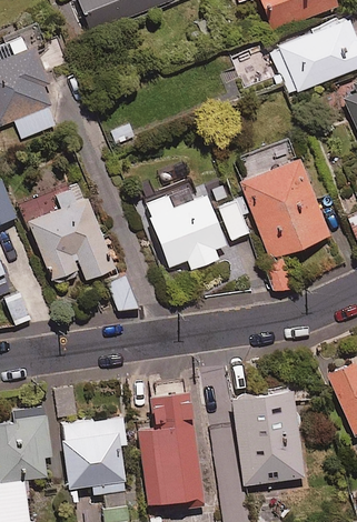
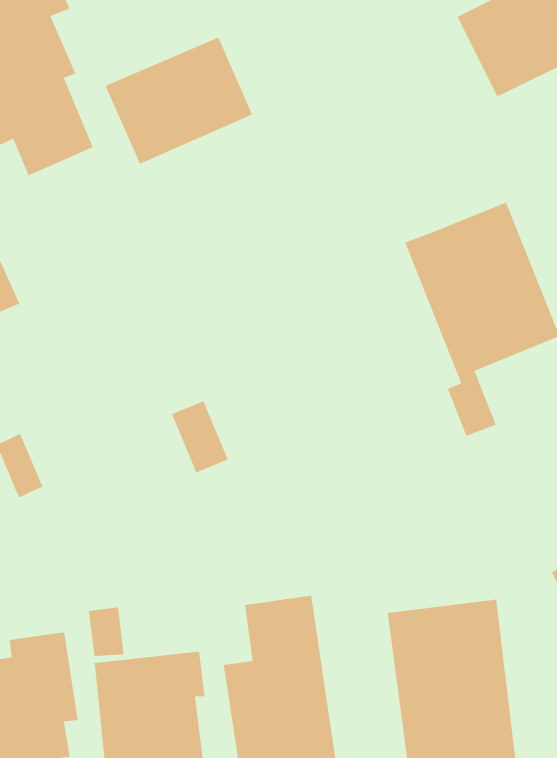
building: none -> [105,36,253,165]
building: [19,182,116,280] -> none
building: [145,187,250,270] -> none

